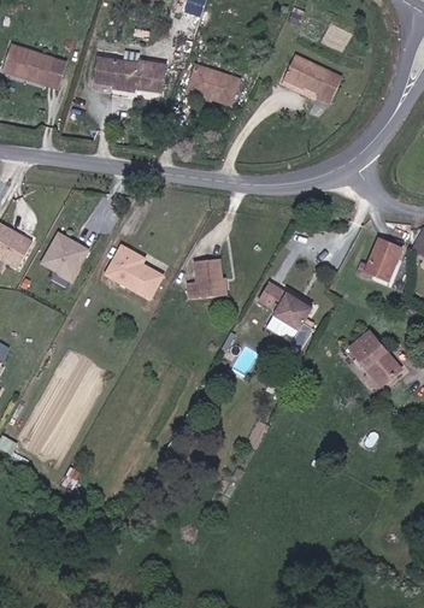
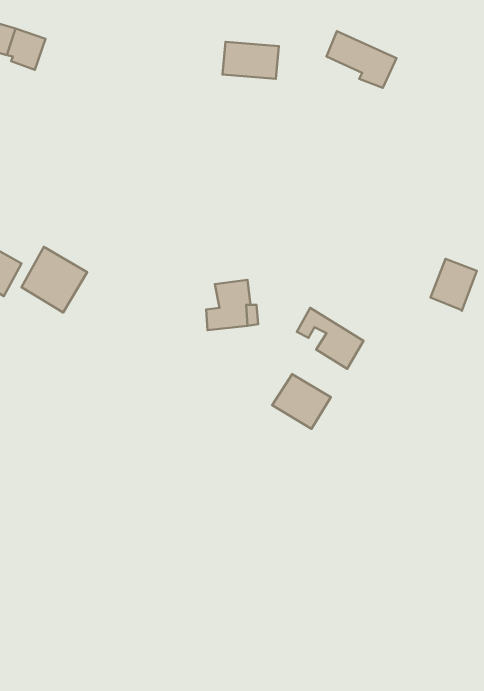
building: [94,63,164,96] -> none
building: [104,244,158,295] -> none
building: [347,331,400,388] -> none
building: none -> [272,374,331,429]

